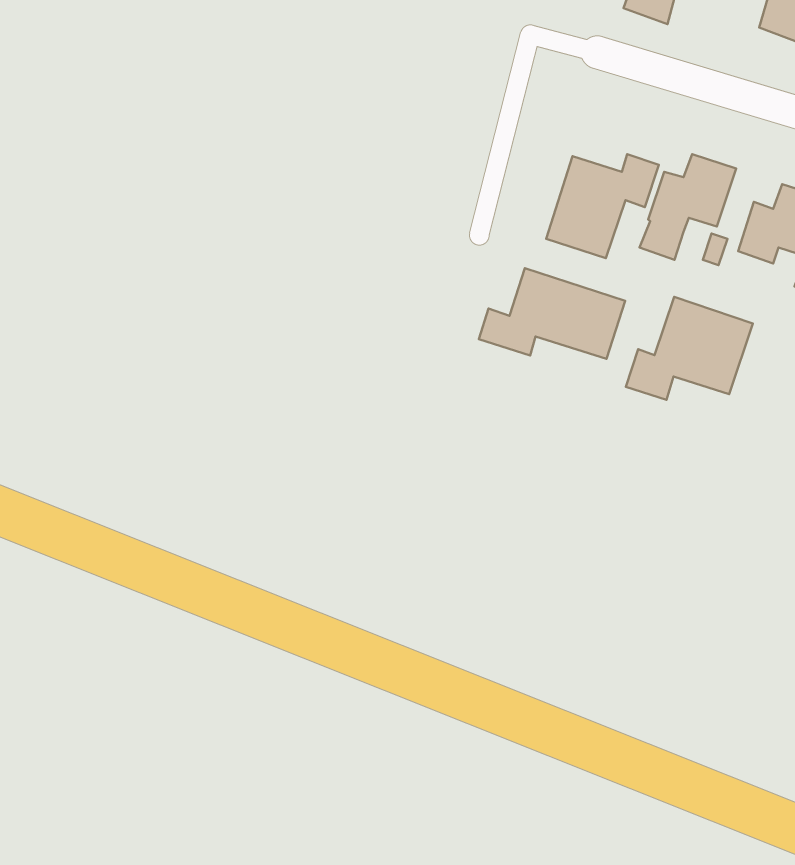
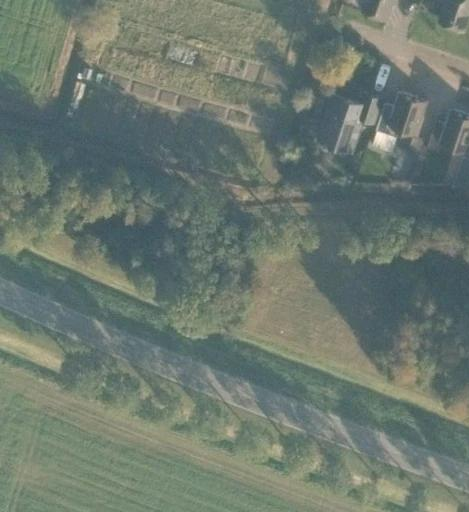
building: [479,268,625,359] -> none
building: [626,297,753,400] -> none

